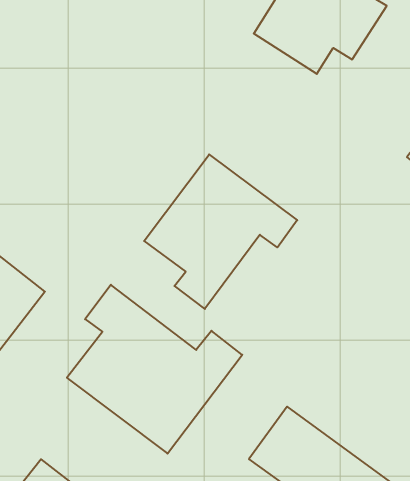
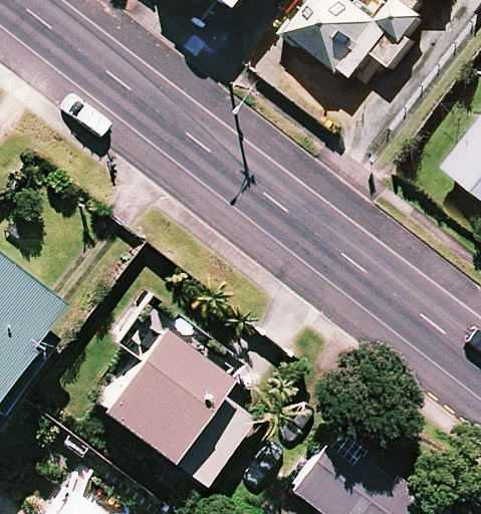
building: [144,154,297,309] -> none

